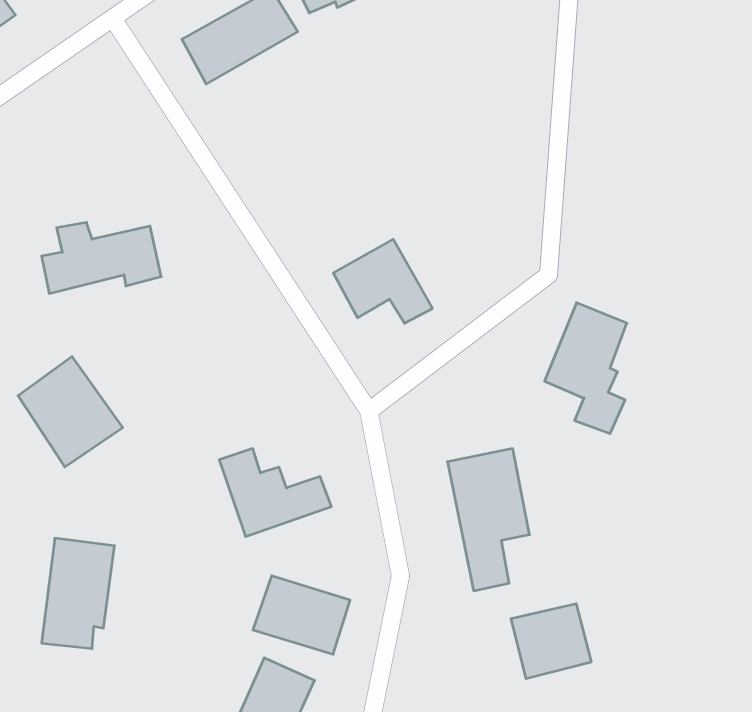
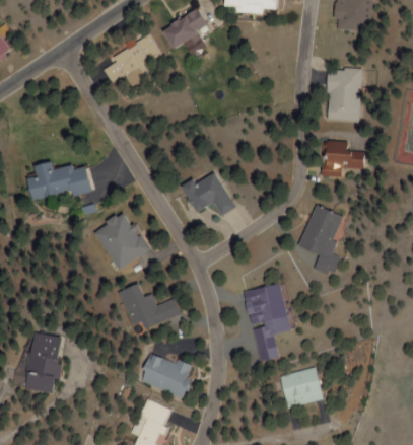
building: none -> [328,68,362,122]
building: none -> [322,141,364,176]
building: [18,357,123,467] -> [93,211,150,271]

